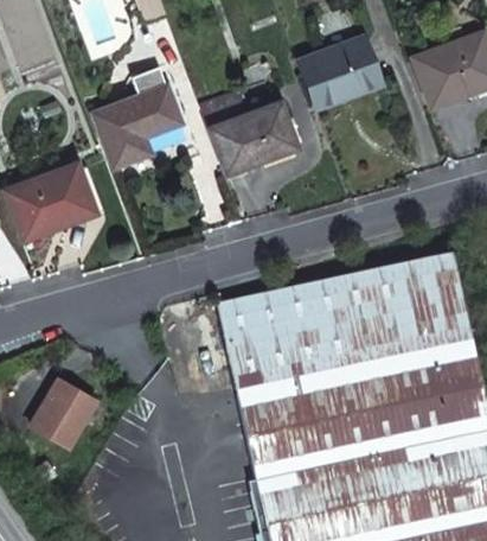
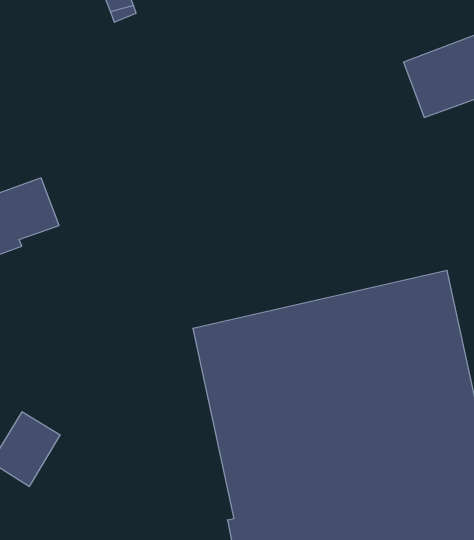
building: [299,38,382,109] -> none
building: [97,66,182,167] -> none
building: [201,94,297,176] -> none

